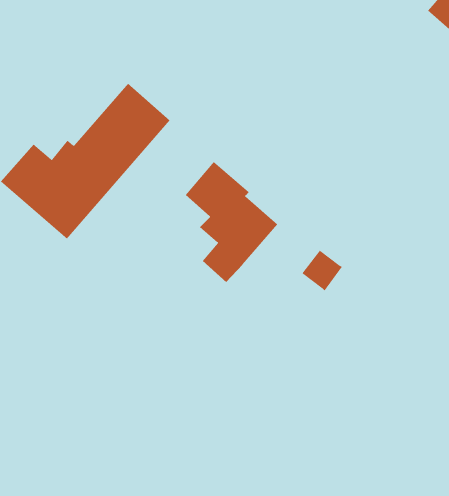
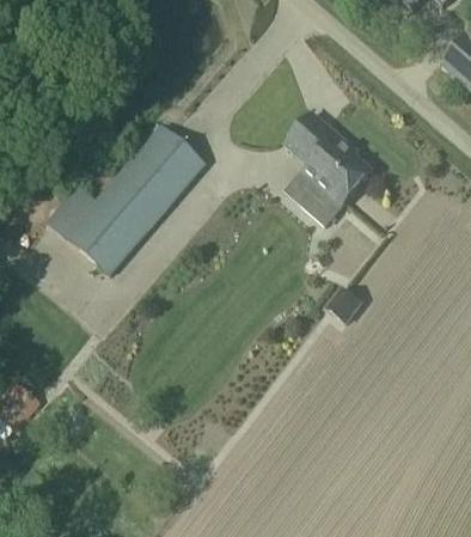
building: [185,161,278,283] -> [286,110,372,222]

